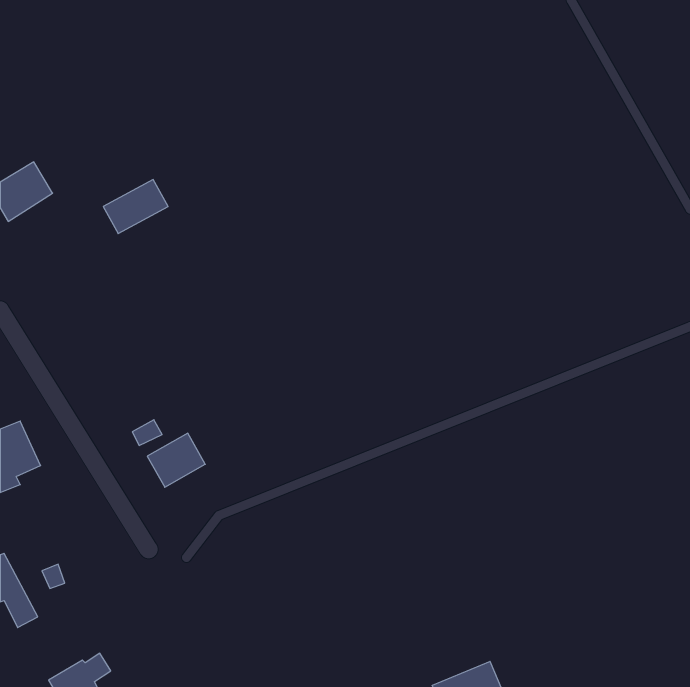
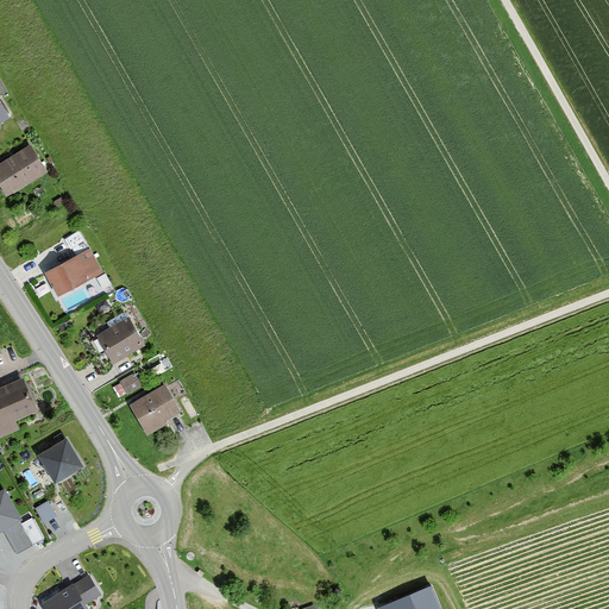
building: [103,180,168,234] -> [45,249,102,296]
building: none -> [98,319,145,364]
building: none -> [39,438,82,481]

